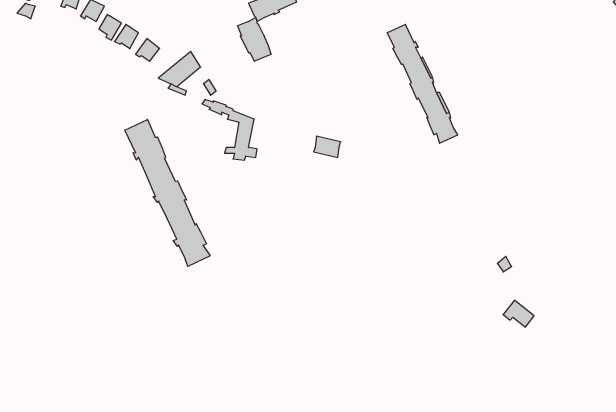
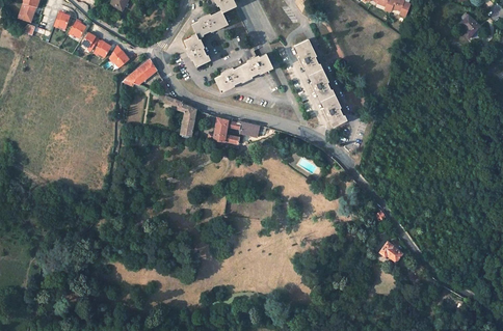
building: none -> [215,54,272,90]
building: [125,119,210,266] -> none
building: none -> [208,117,241,144]

